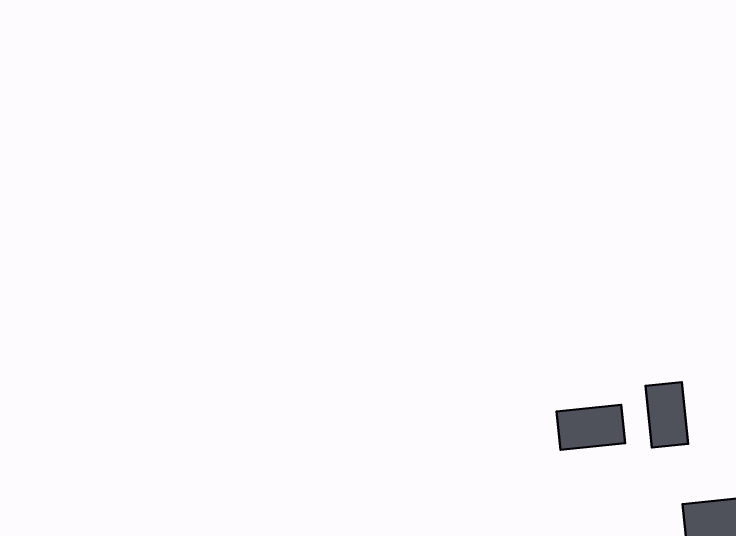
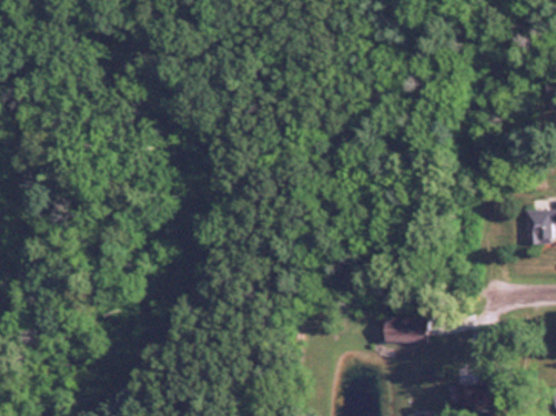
building: [646,382,688,447] -> none

